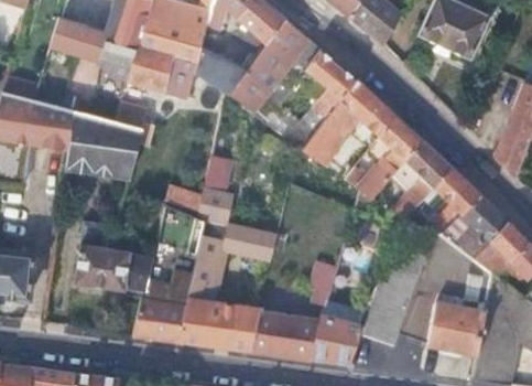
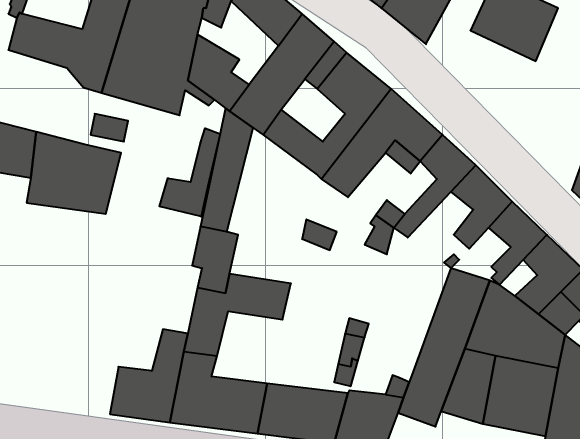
building: none -> [159,128,220,217]
building: [76,223,156,292] -> none

